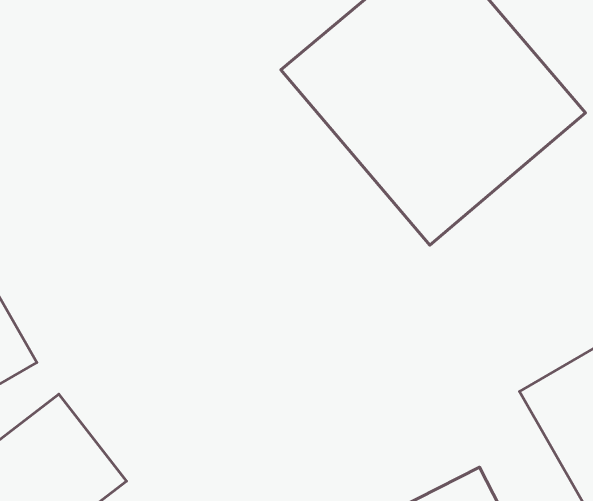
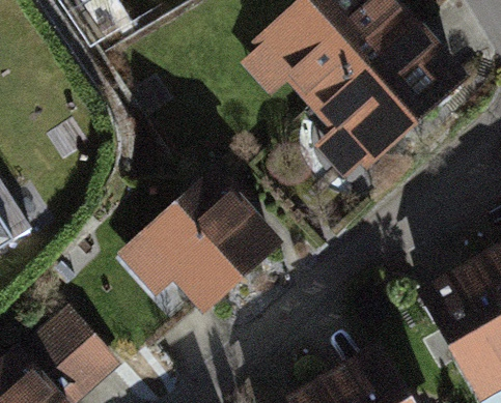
building: none -> [115,157,281,309]

